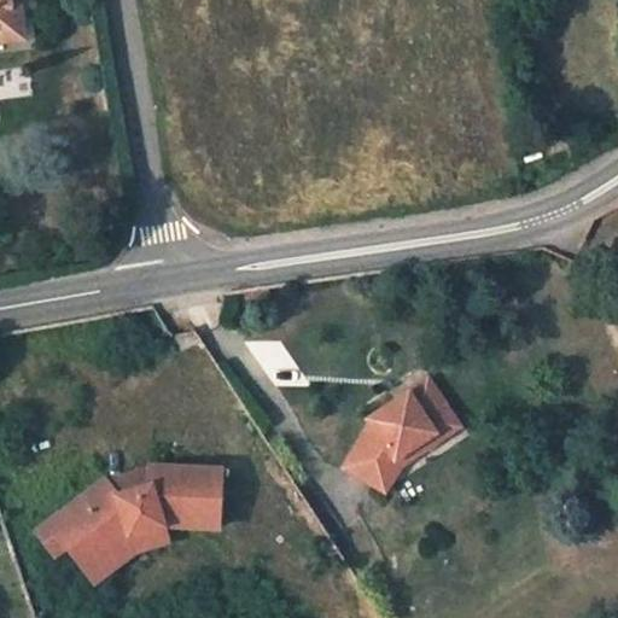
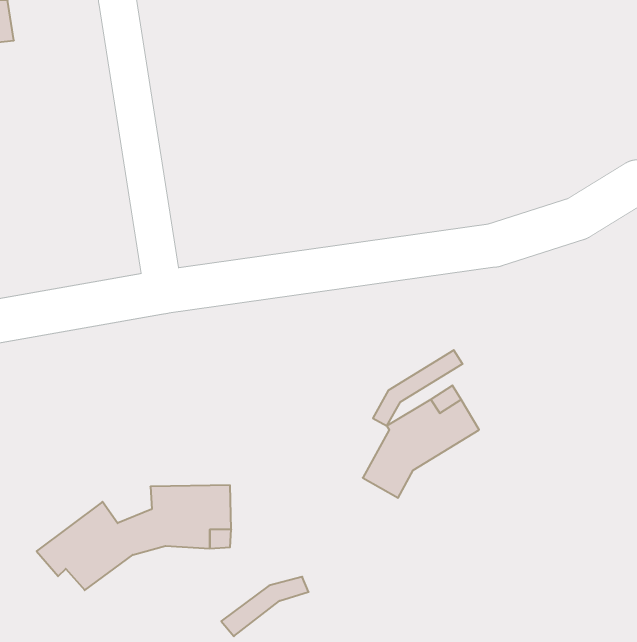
building: [380,414,466,486] -> [373,350,463,426]
building: [81,525,164,582] -> [221,577,309,636]

